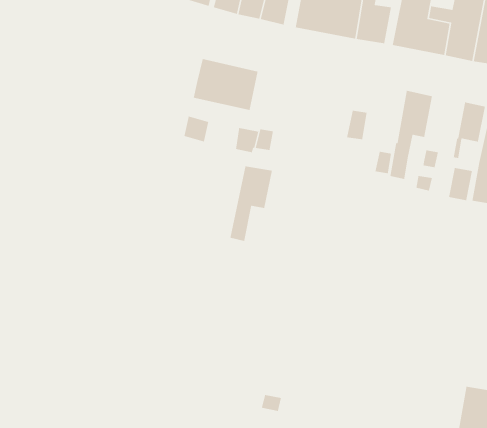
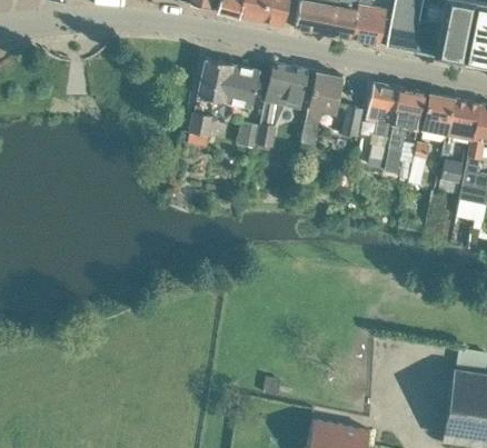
building: none -> [265,63,307,107]
building: none -> [367,83,399,138]
building: none -> [421,93,455,133]
building: [230,166,273,242] -> [301,72,342,145]

